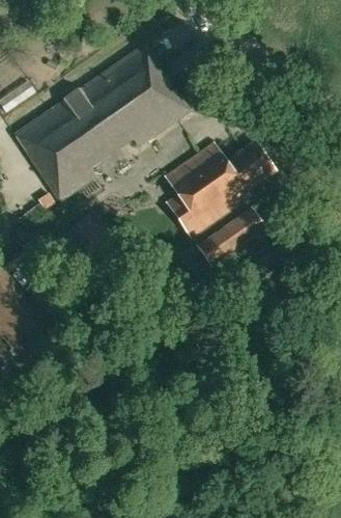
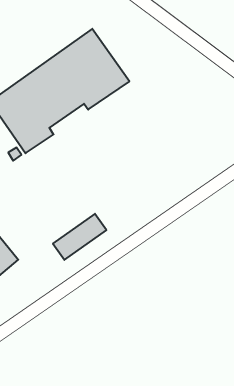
building: [166,142,273,237] -> none
building: [197,209,264,267] -> [53,214,106,260]

